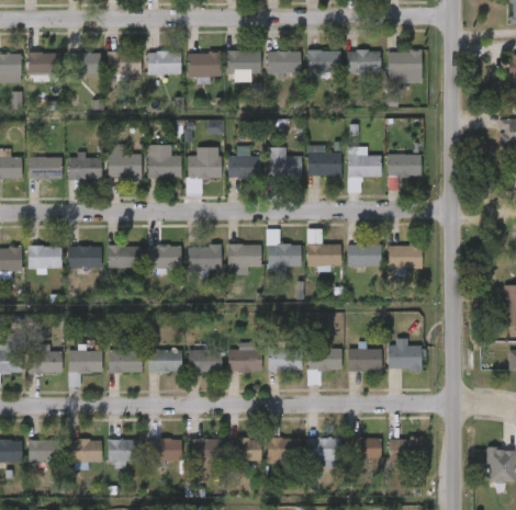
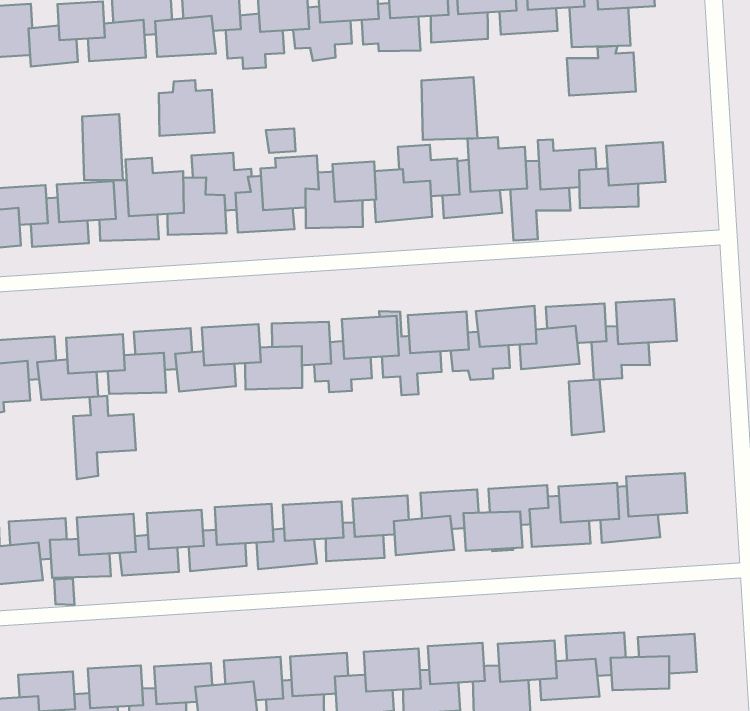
building: none -> [567,46,636,96]
building: none -> [159,80,214,136]
building: none -> [421,77,477,140]
building: none -> [82,114,123,180]
building: none -> [73,396,136,479]
building: none -> [569,380,604,435]

